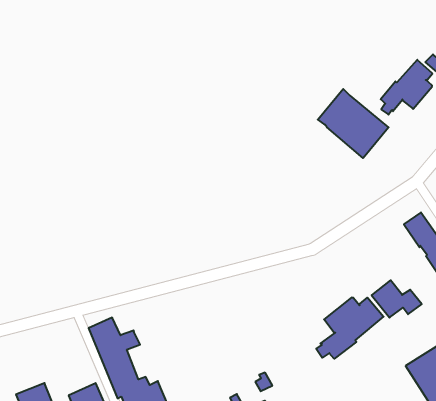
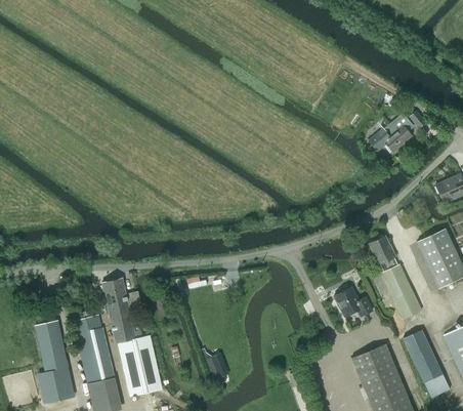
building: [318,89,389,158] -> none
building: [316,297,384,359] -> none

